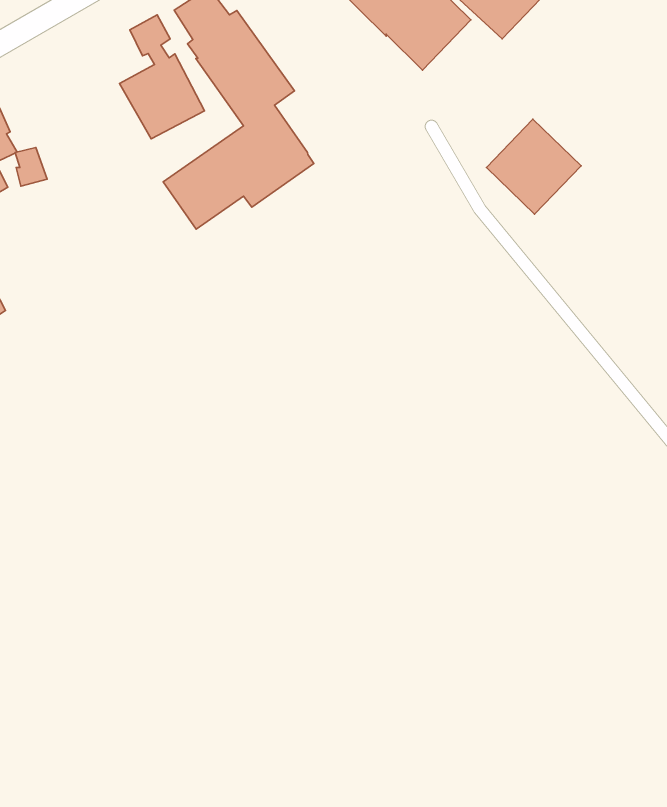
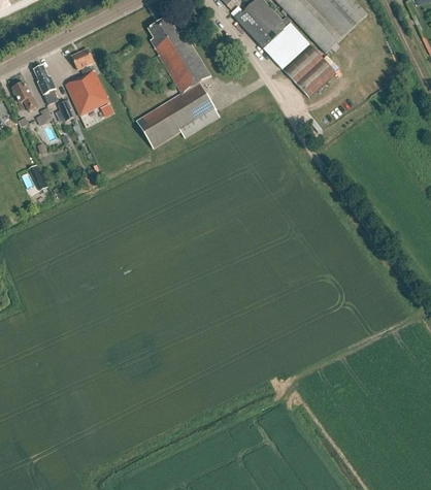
building: [119,15,205,139] -> [64,46,109,113]
building: [486,119,581,214] -> [283,44,334,96]

